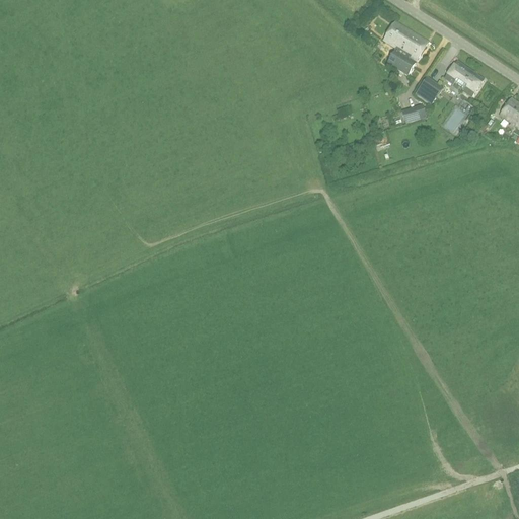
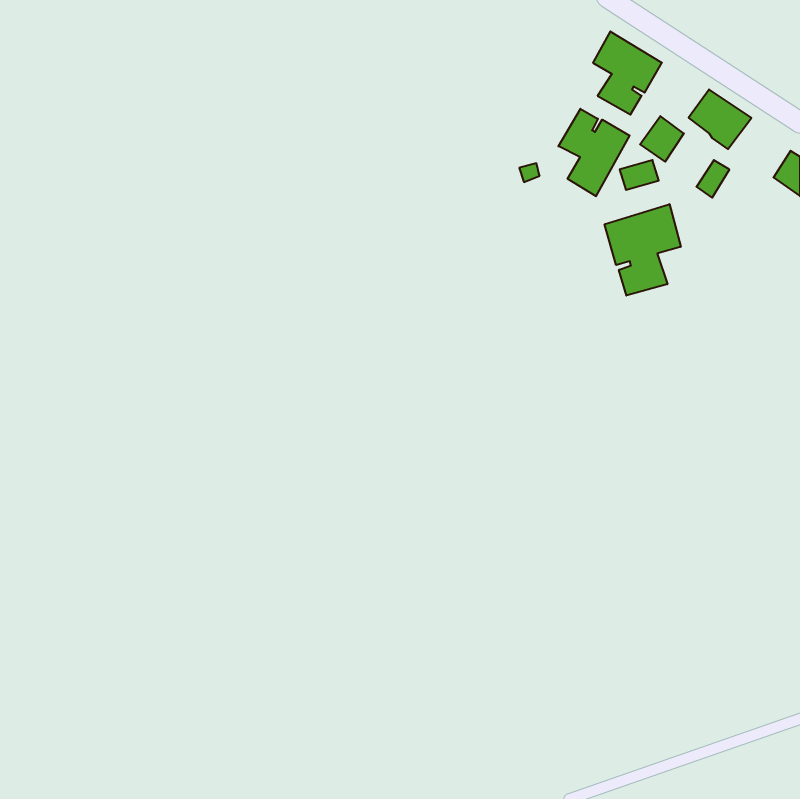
building: none -> [558,109,630,196]
building: none -> [605,204,681,296]

